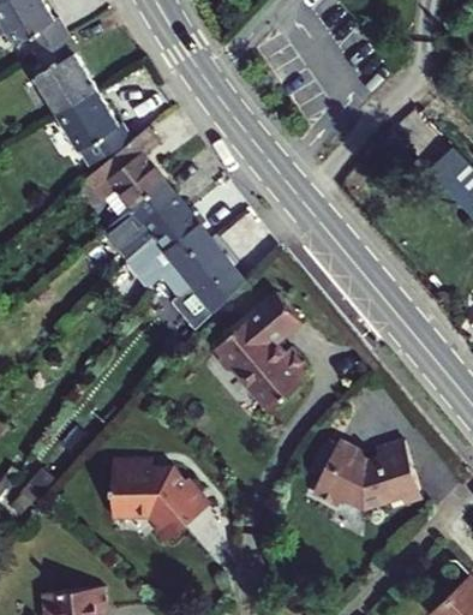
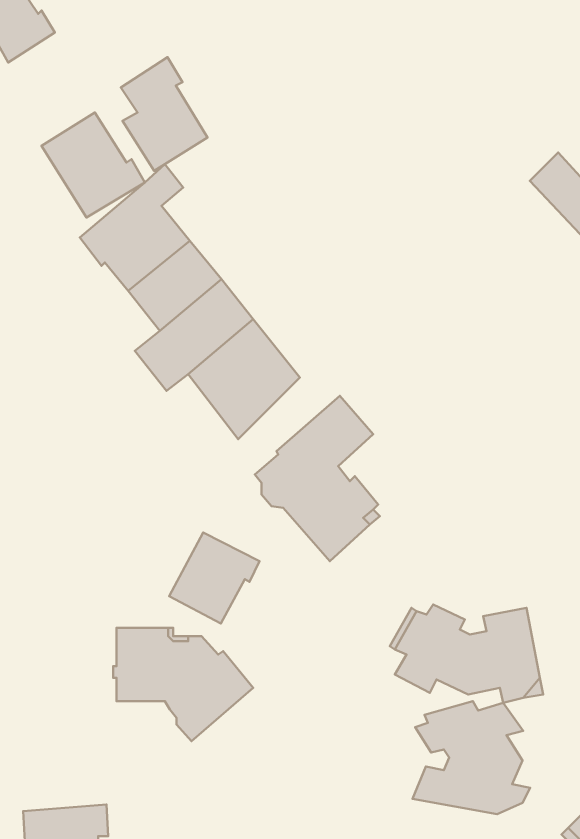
building: [34,32,96,114] -> [121,57,208,171]
building: none -> [169,532,260,624]
building: none -> [413,701,530,814]

